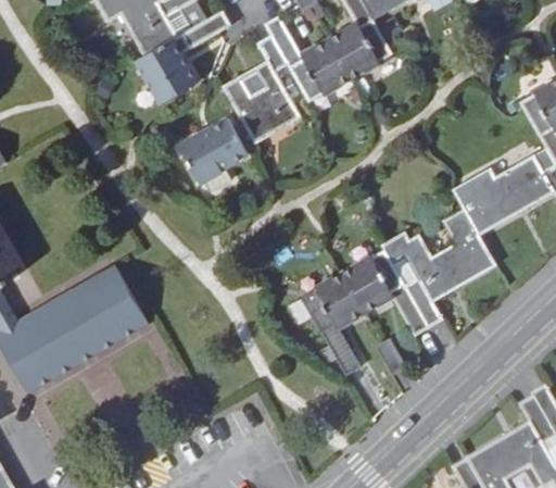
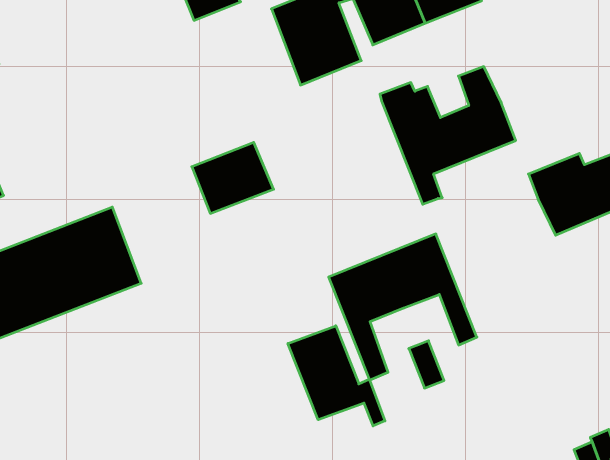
building: [179,118,249,182] -> [192,142,274,213]
building: [381,209,497,328] -> [380,67,516,204]
building: none -> [288,326,385,426]

